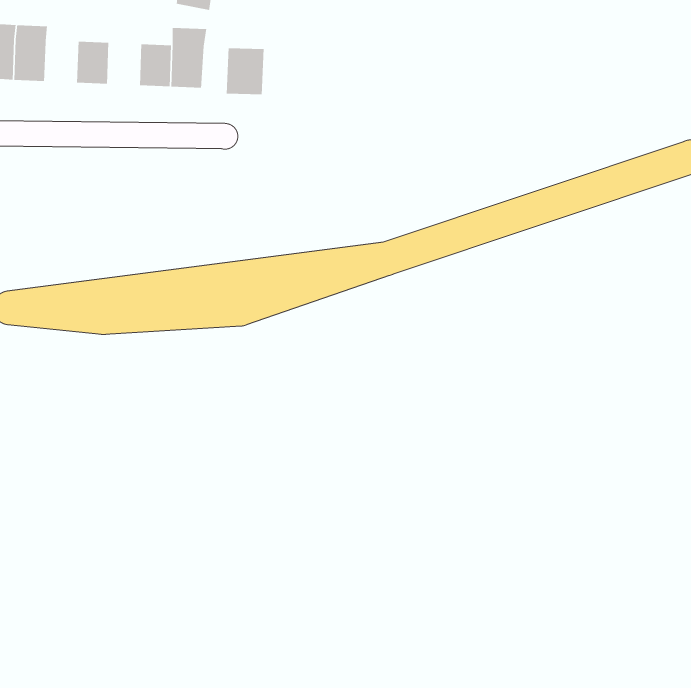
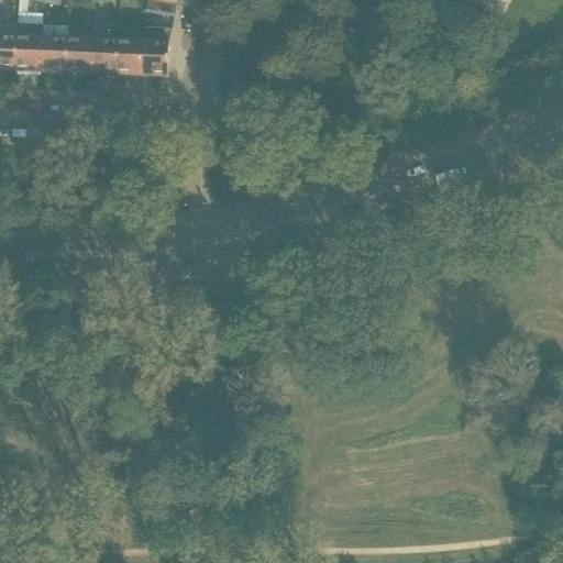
building: none -> [36,33,63,67]
building: none -> [87,34,113,69]
building: [226,47,264,95] -> none

